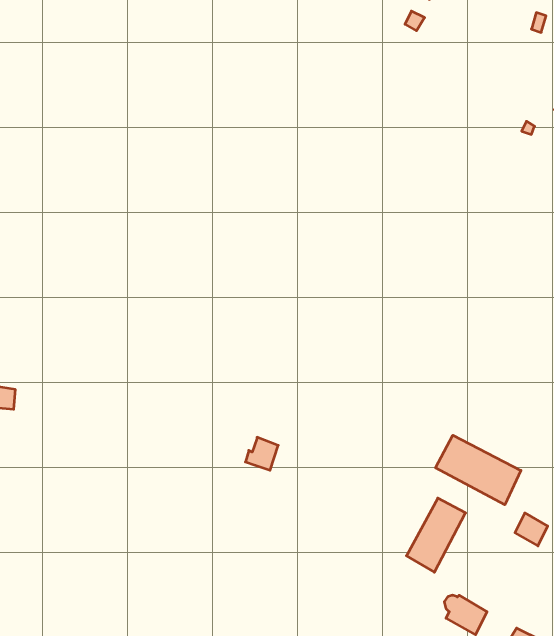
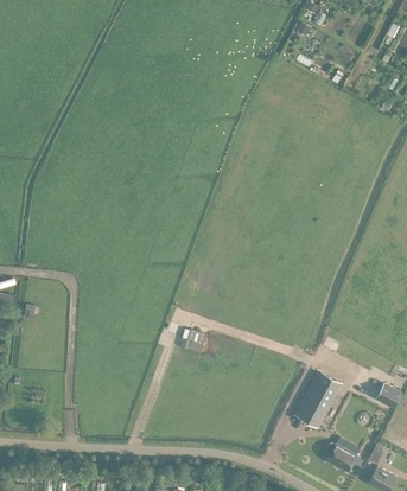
building: [436,435,521,505] -> none

